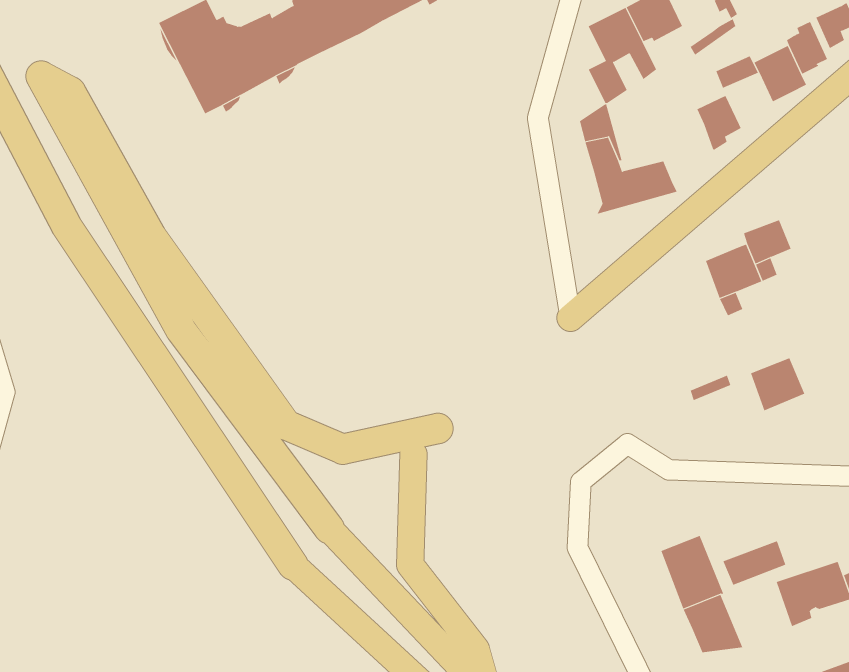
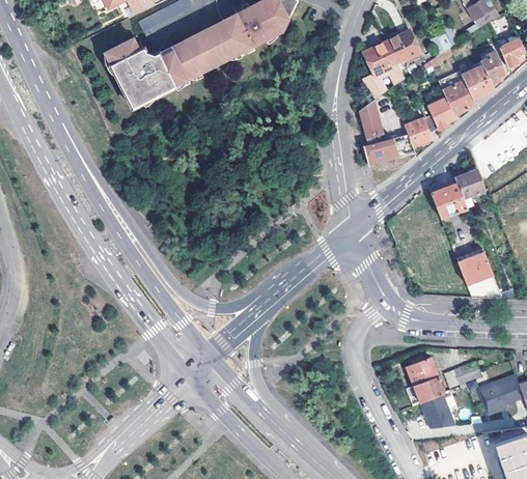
building: none -> [444,82,476,116]
building: none -> [406,113,438,147]

